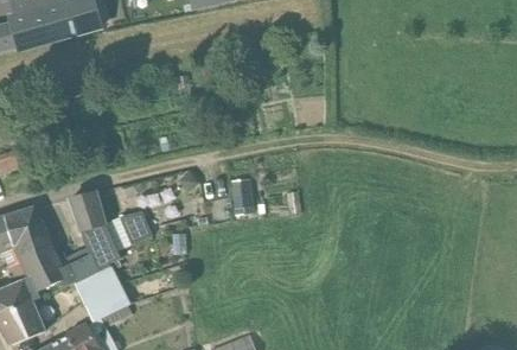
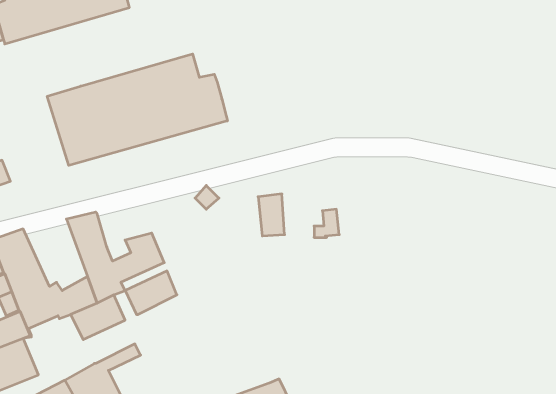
building: none -> [47,54,227,165]
building: [82,285,126,322] -> [125,271,177,314]

